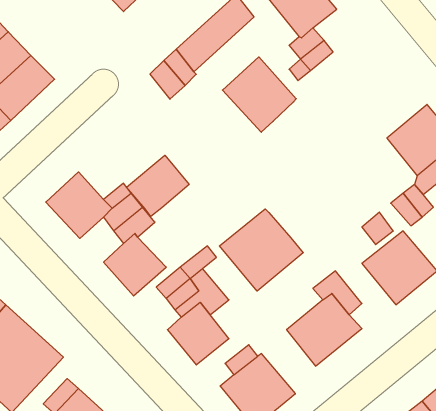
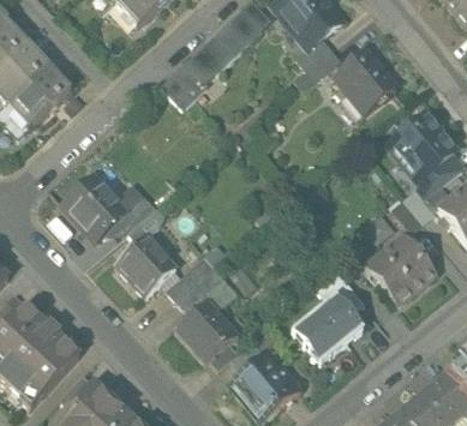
building: none -> [336,48,397,107]
building: [222,57,296,132] -> none
building: [126,155,189,216] -> none
building: [219,209,303,291] -> none

